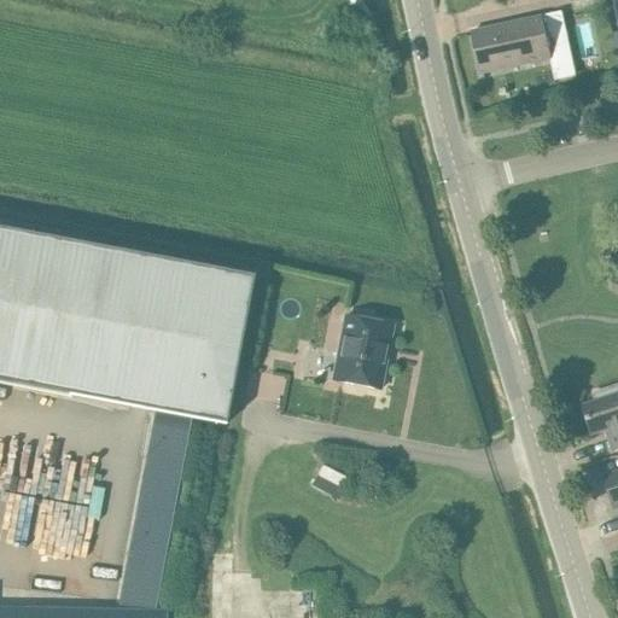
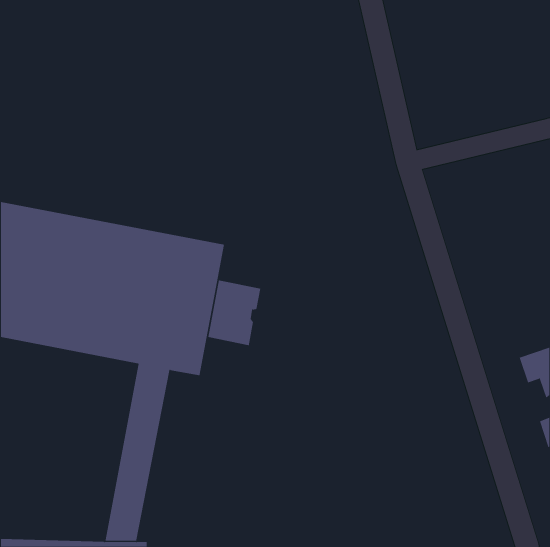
building: [471,13,567,71] -> none
building: [332,313,392,386] -> [207,280,261,346]

